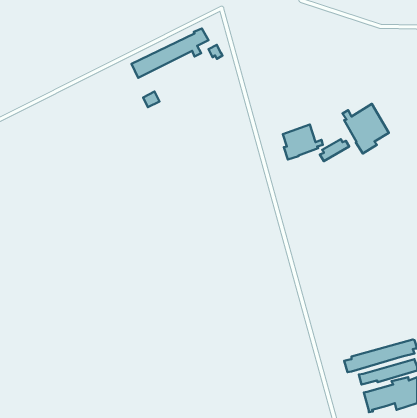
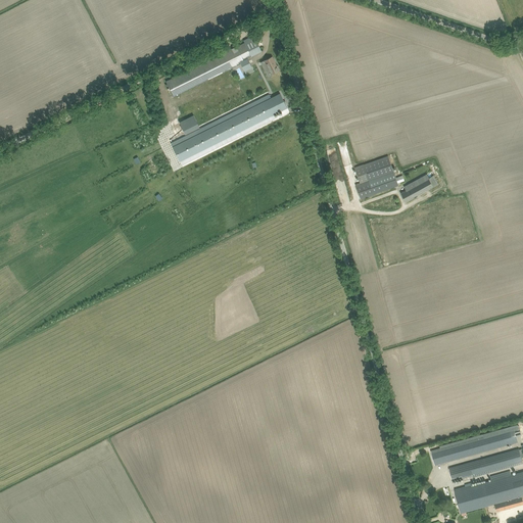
building: none -> [171,93,286,164]
building: [342,104,389,153] -> none

